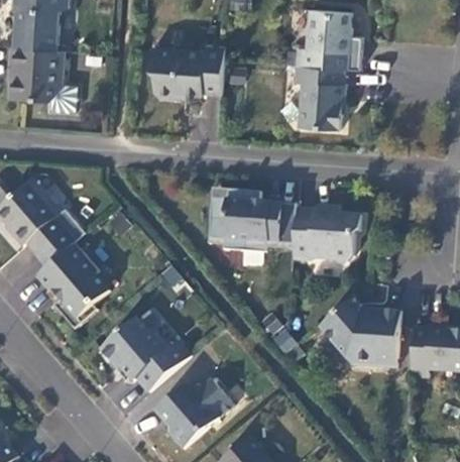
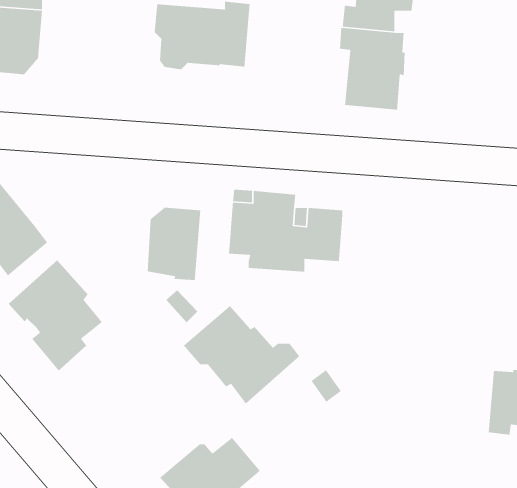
building: none -> [147,207,201,281]
building: [294,204,361,261] -> none
building: [317,296,397,366] -> none
building: [100,316,191,392] -> [183,305,300,404]

